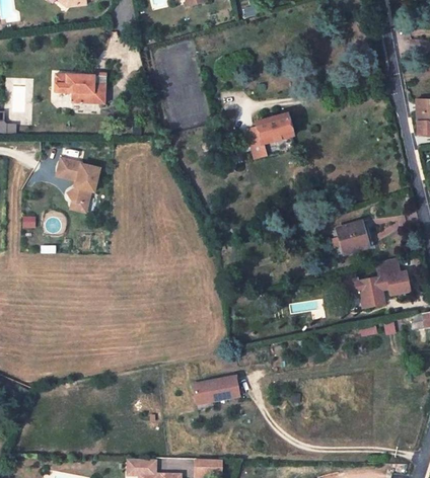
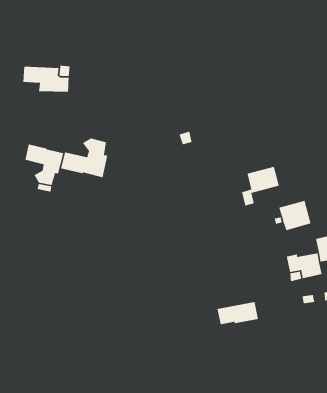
building: [250,113,293,158] -> [241,166,280,207]
building: none -> [60,137,108,178]
building: [194,375,240,401] -> [216,301,259,325]

